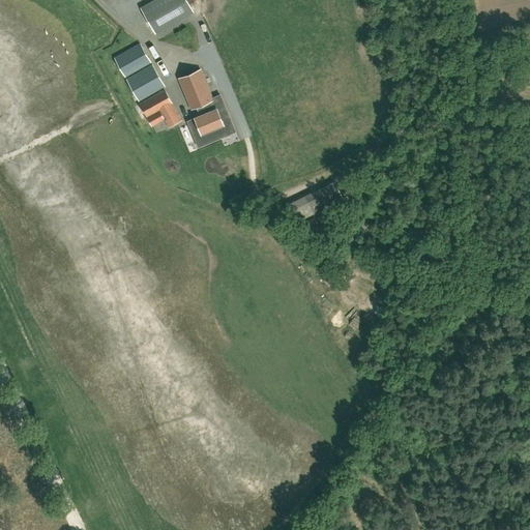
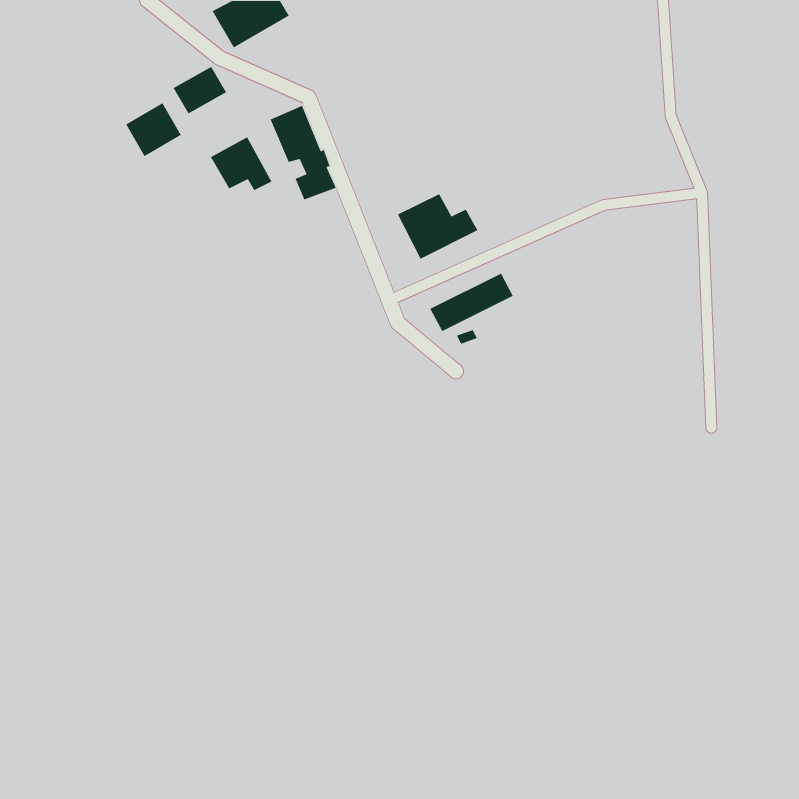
building: [126,65,164,101] -> [125,102,182,157]
building: none -> [397,193,478,260]

